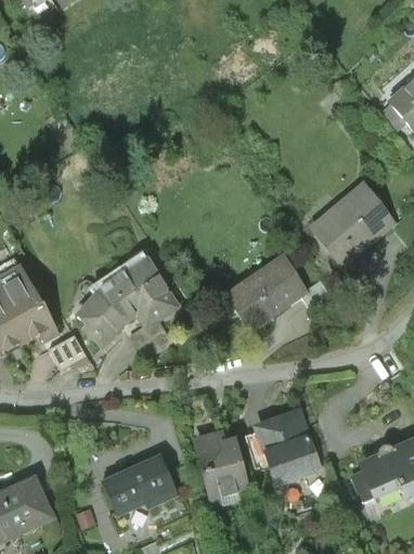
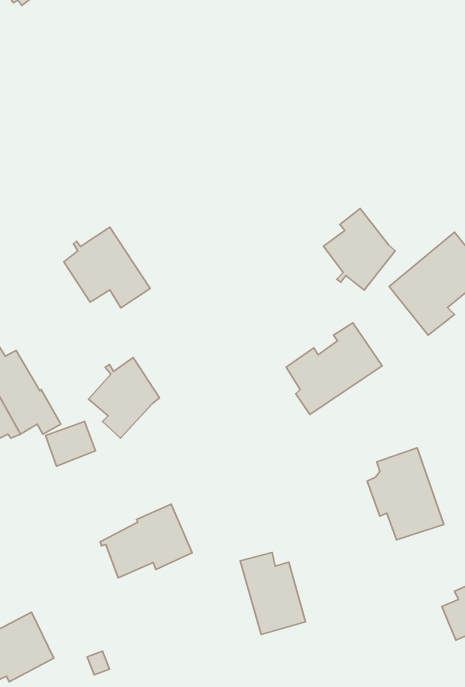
building: none -> [323,209,395,290]
building: [113,255,180,318] -> [64,227,150,308]
building: [260,409,320,480] -> [367,448,444,540]
building: [103,454,174,512] -> [100,504,192,578]

